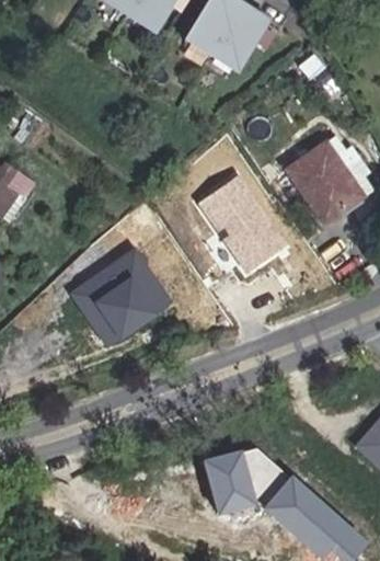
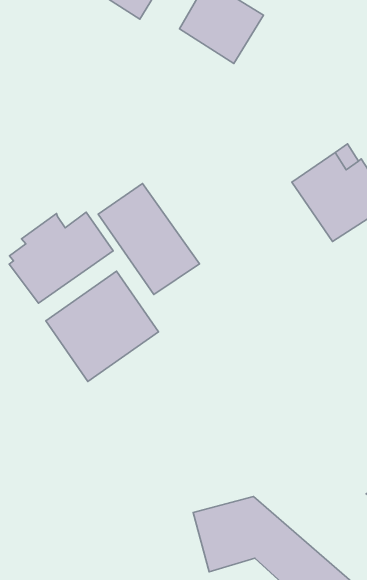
building: [198,175,288,274] -> [98,183,199,295]
building: none -> [9,212,113,303]

